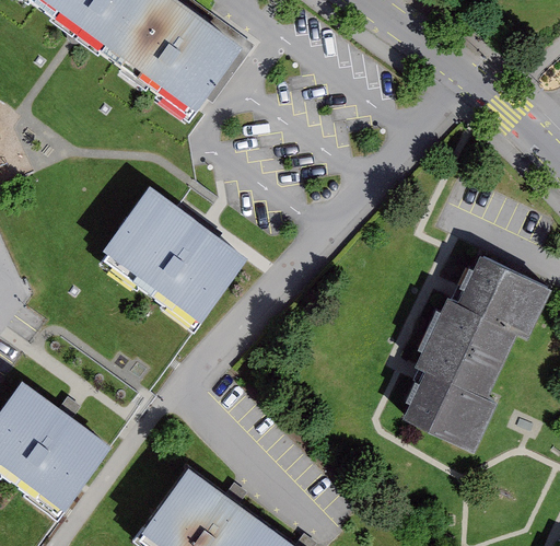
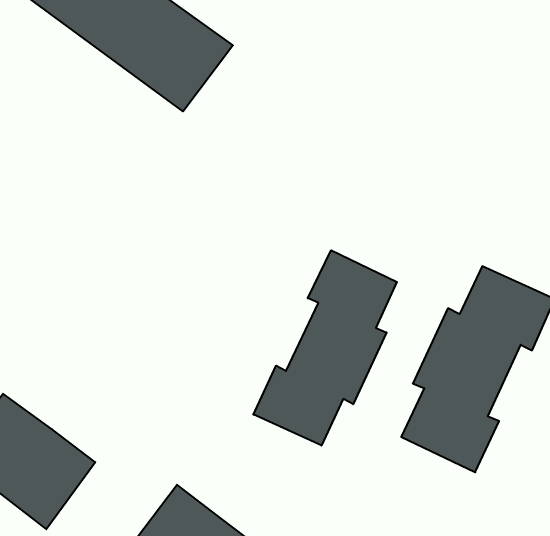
building: [102,186,246,321] -> none
building: none -> [253,250,397,446]

